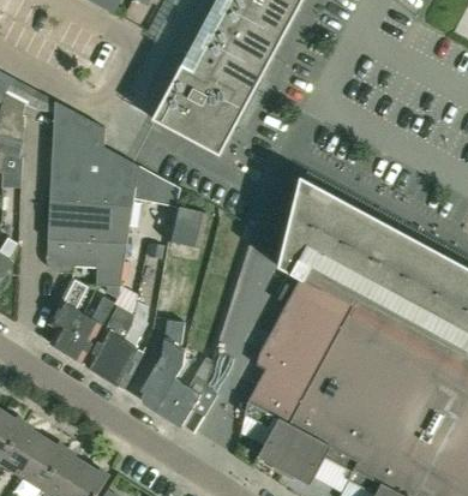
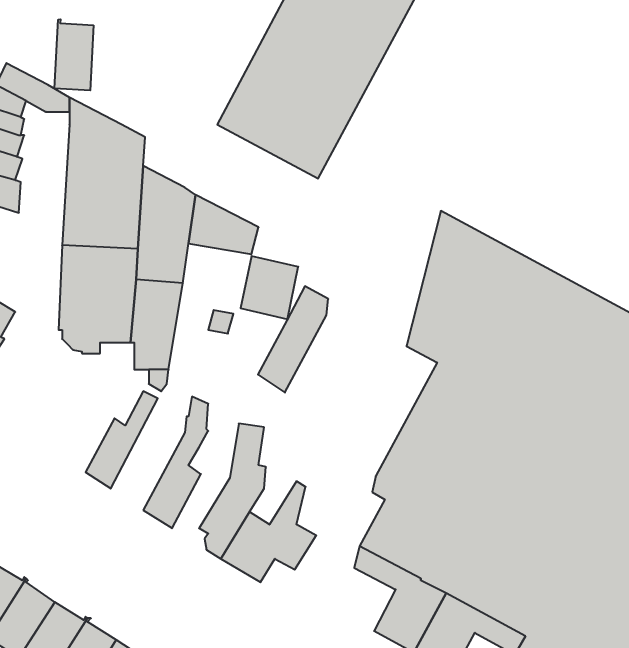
building: none -> [54,19,93,90]
building: [47,277,86,351] -> none
building: [84,305,131,376] -> [258,286,328,393]

